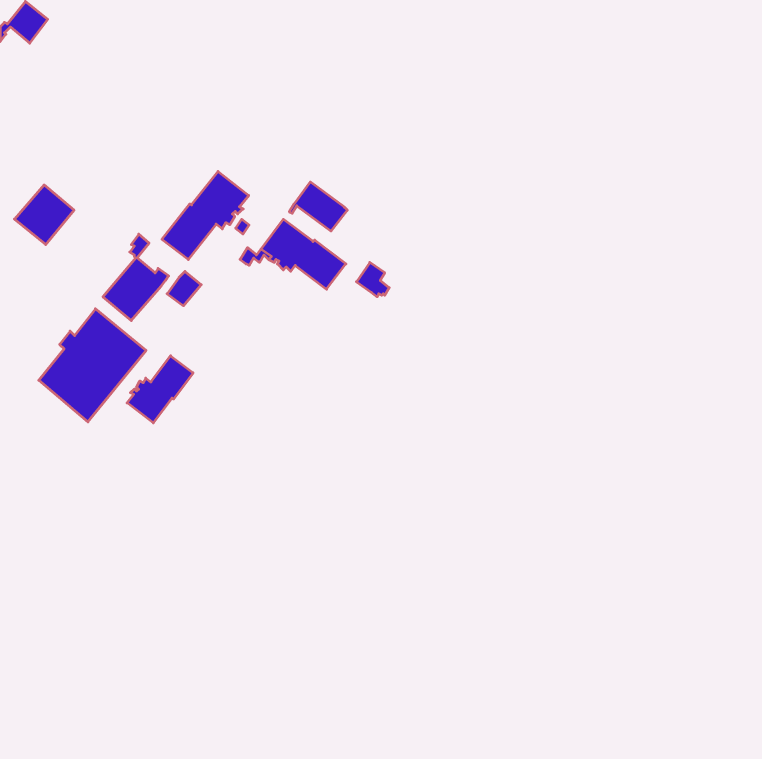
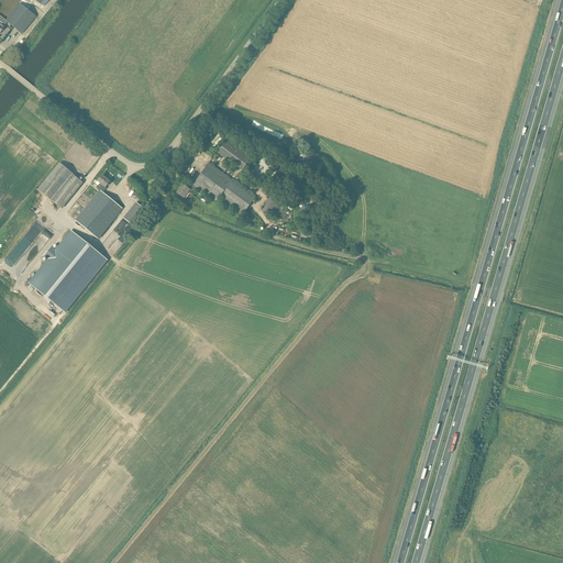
building: [162,171,249,260] -> none
building: [14,185,74,245] -> [37,162,81,206]
building: [127,356,193,423] -> none

